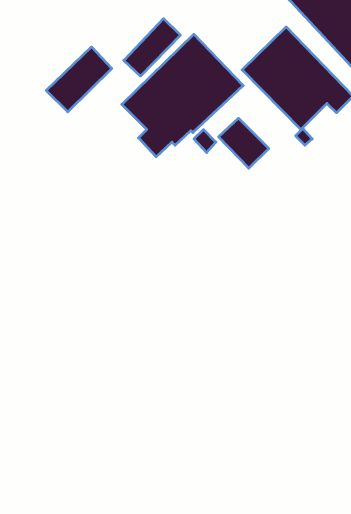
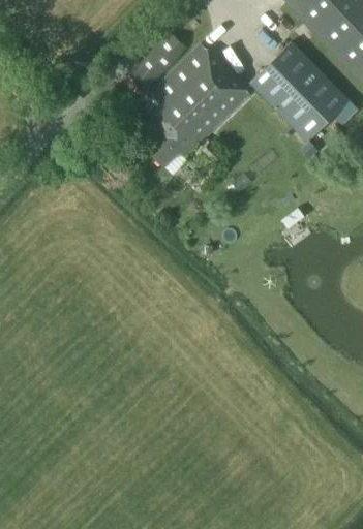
building: [46,47,112,112] -> none
building: [219,118,269,168] -> none

